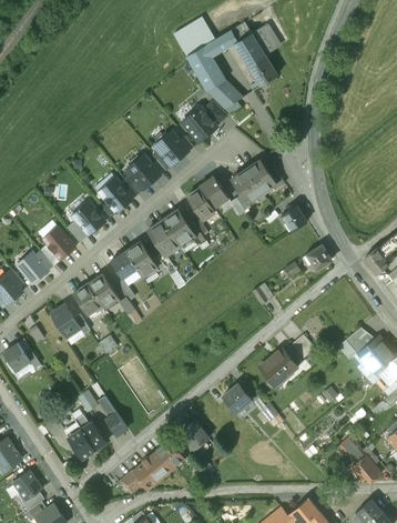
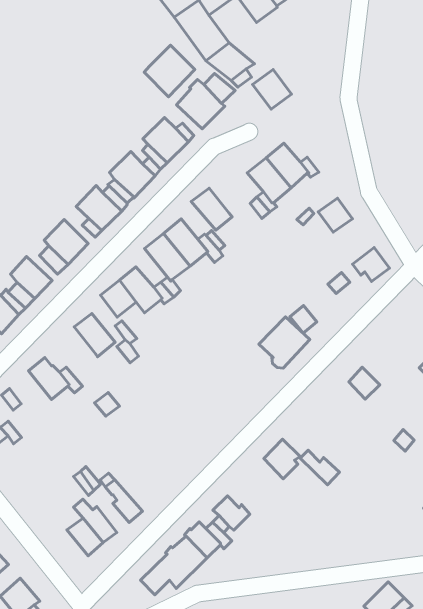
building: [247,56,276,86] -> [253,69,292,109]
building: none -> [144,45,195,97]
building: [200,177,227,208] -> none
building: [73,283,102,315] -> none
building: [258,348,297,386] -> [259,317,310,368]

